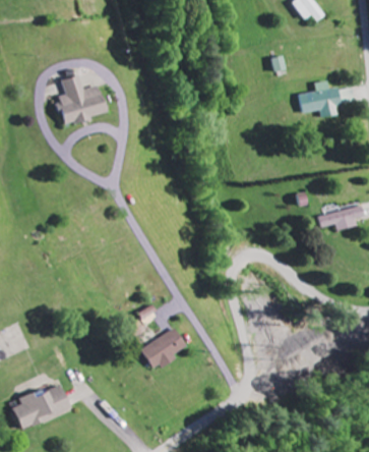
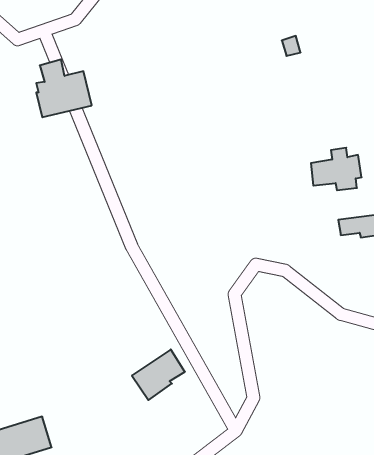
building: [298,80,342,117] -> [311,148,362,190]

